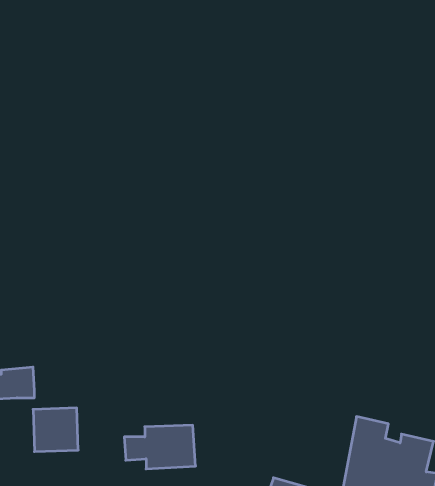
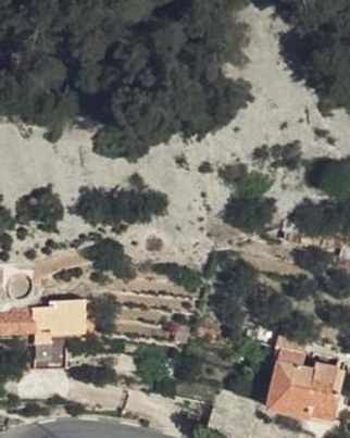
building: [124,425,196,469] -> [39,301,92,334]

